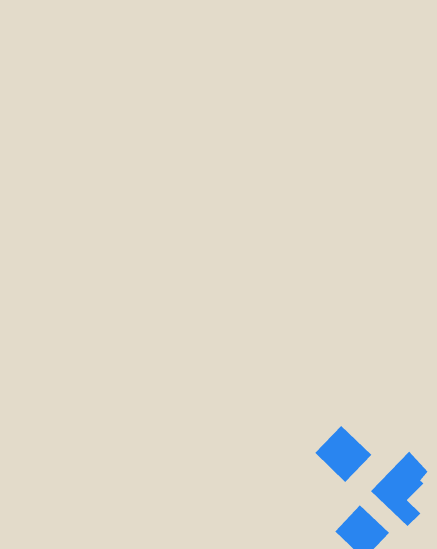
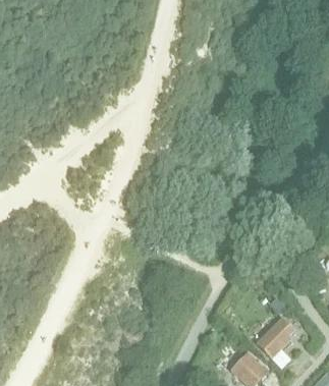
building: [314,425,372,483] -> none

